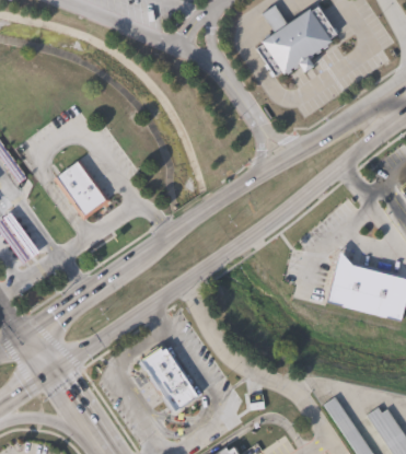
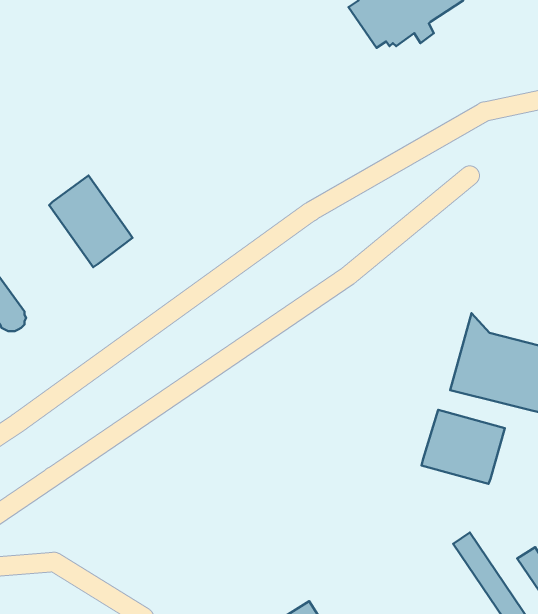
building: none -> [422,410,505,484]
building: [138,345,200,409] -> none

